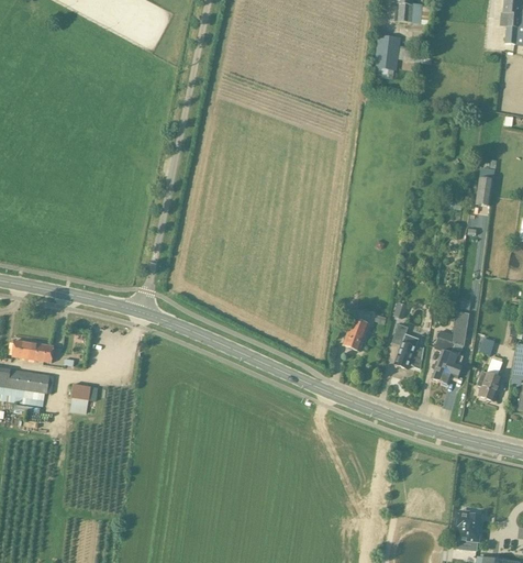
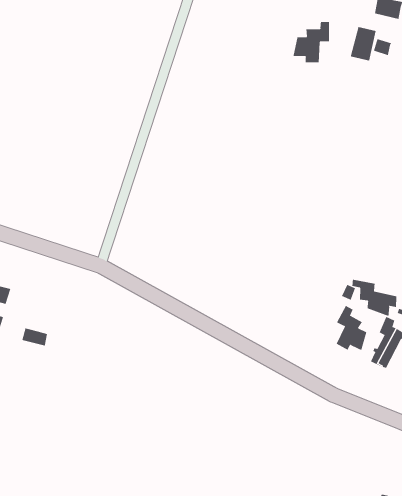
building: none -> [293,21,330,63]
building: none -> [352,279,397,317]
building: [343,318,369,351] -> none

